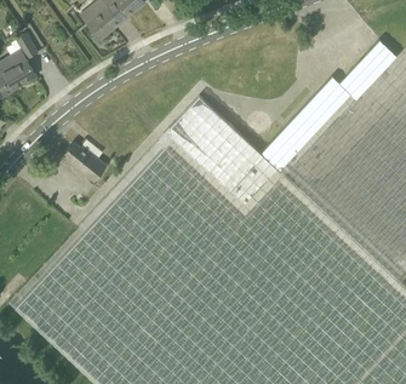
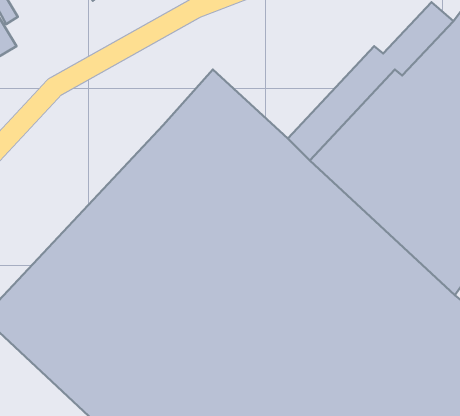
building: [63,143,107,183] -> none

